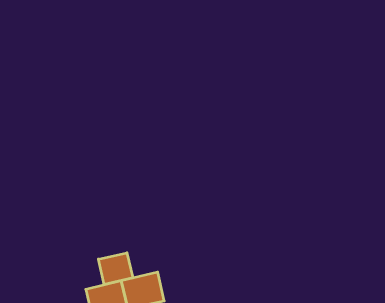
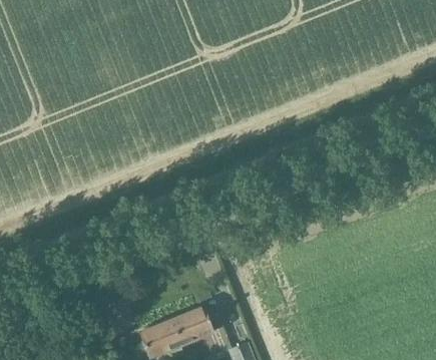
building: [98,253,133,284] -> none

